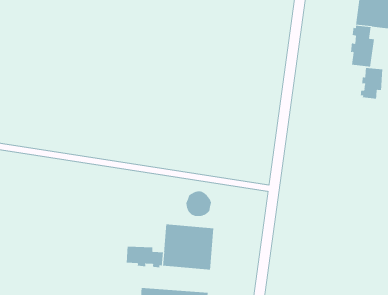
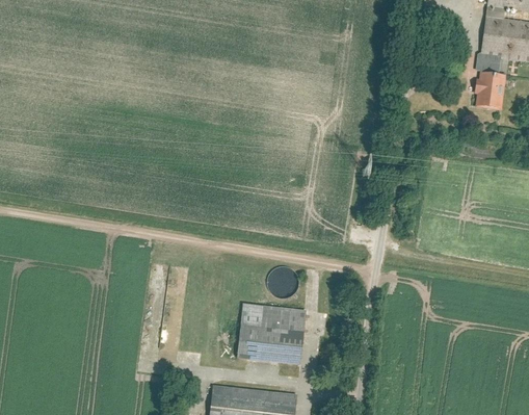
building: [360,67,383,99] -> none
building: [126,246,163,268] -> none

